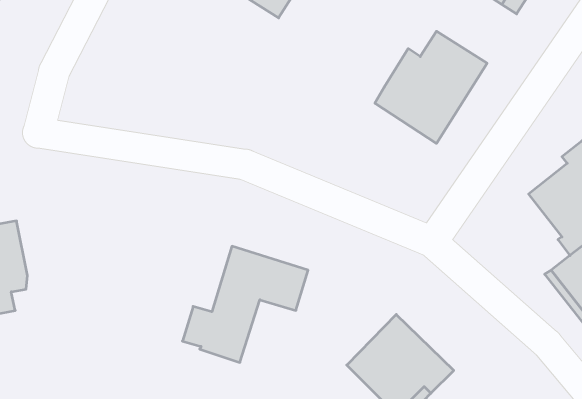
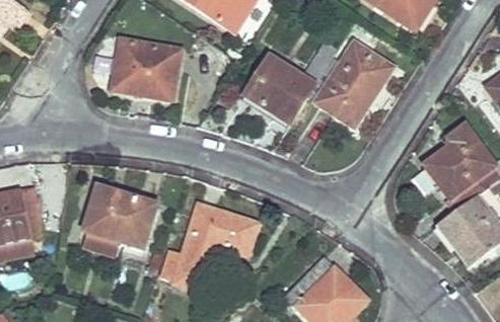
building: none -> [112,38,181,99]
building: none -> [243,44,335,124]
building: none -> [83,191,155,255]

